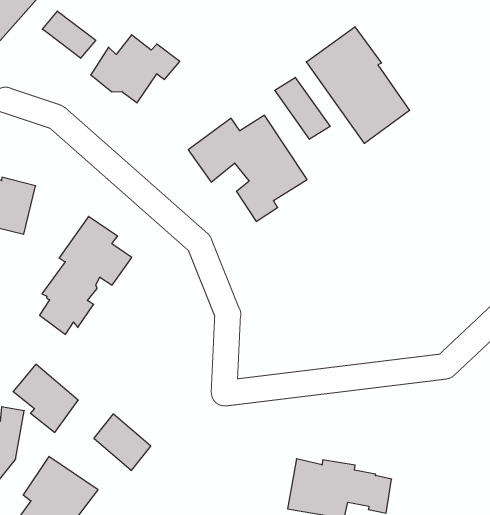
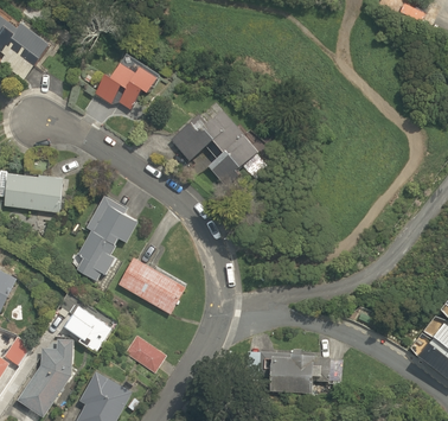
building: [42,11,96,58] -> none
building: [306,27,410,143] -> none
building: [275,77,330,139] -> none
building: none -> [117,256,185,314]

